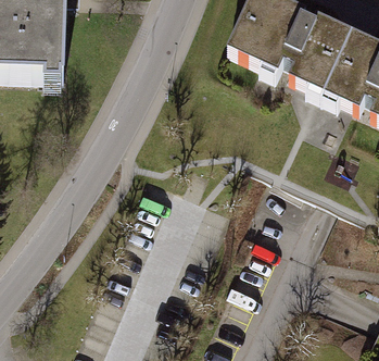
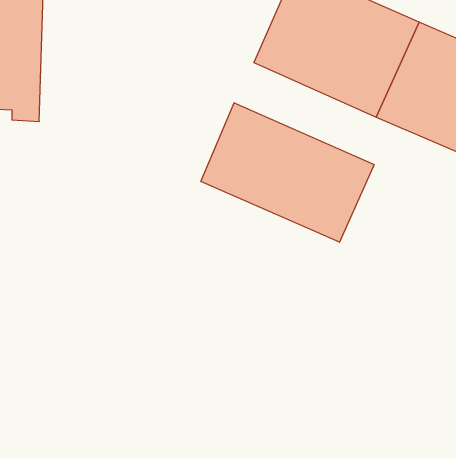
building: none -> [201,103,374,242]

